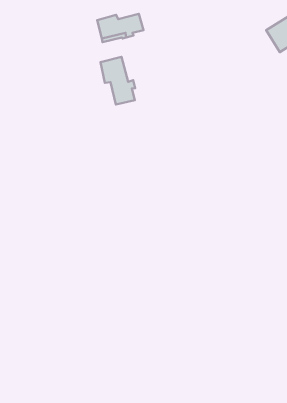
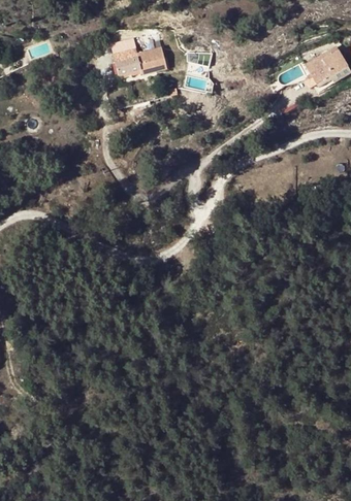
building: [100,57,135,105] -> none

